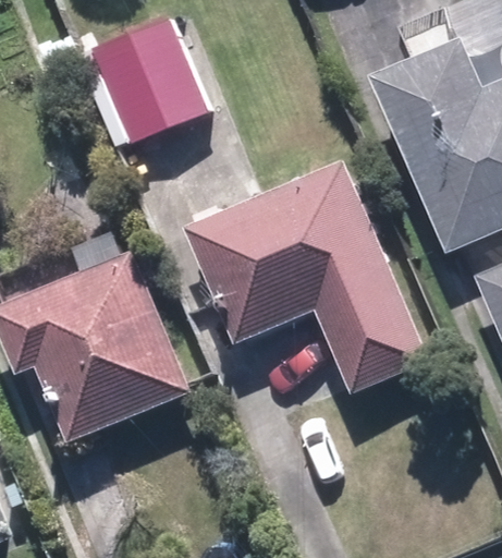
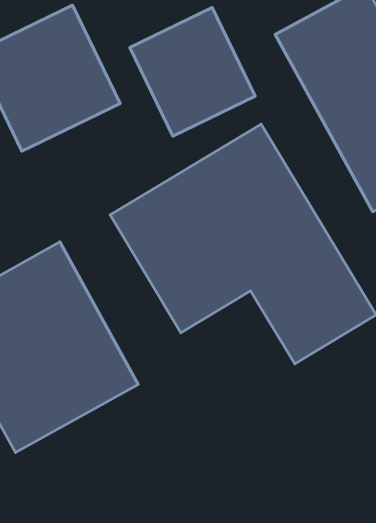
building: none -> [130,8,255,136]

